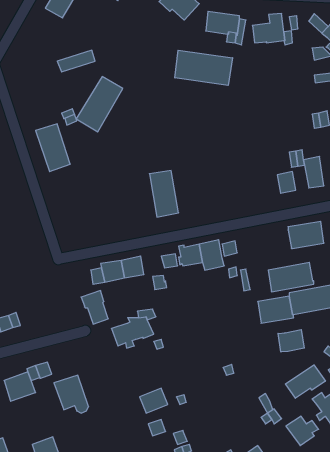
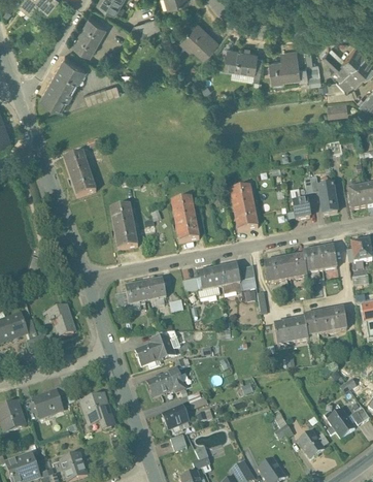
building: [175,50,233,85] -> none
building: [76,77,123,132] -> [40,55,84,107]
building: none -> [230,186,258,230]
building: none -> [110,204,138,249]
building: [268,262,314,292] -> [264,254,307,282]
building: [81,291,108,324] -> [47,303,73,335]
building: [278,330,304,352] -> none
building: none -> [147,372,174,399]
building: [285,365,325,398] -> none

